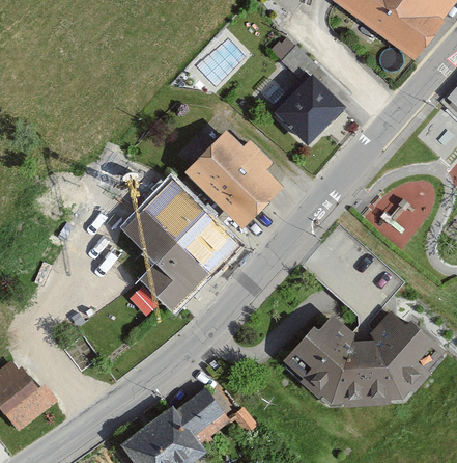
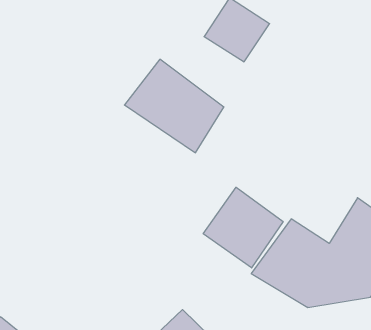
building: [116,179,236,312] -> none
building: none -> [203,187,283,268]

